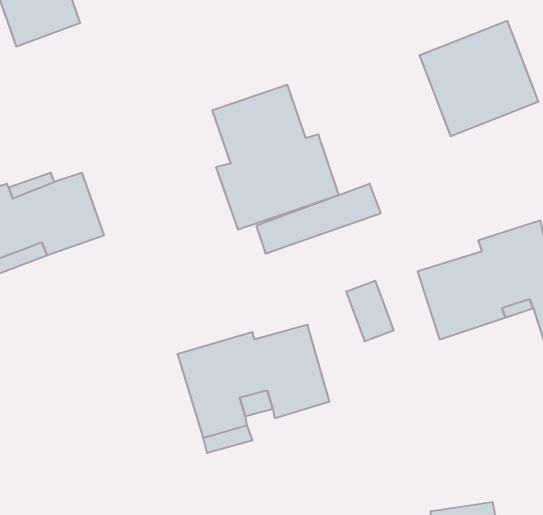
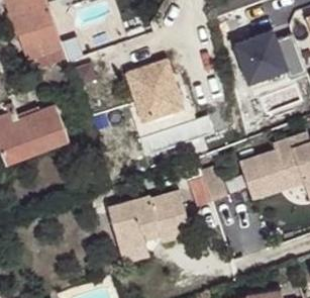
building: none -> [17,24,67,74]

